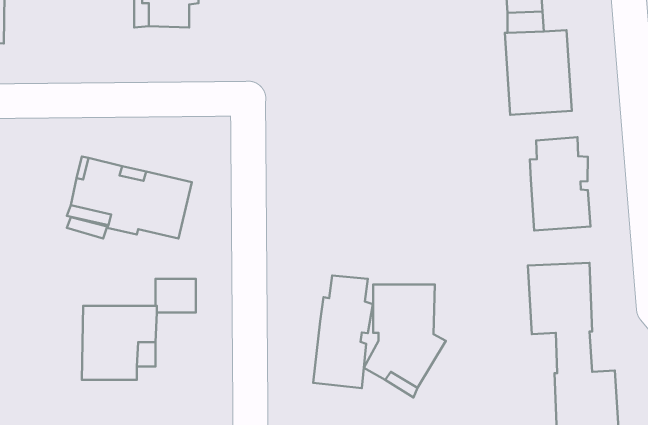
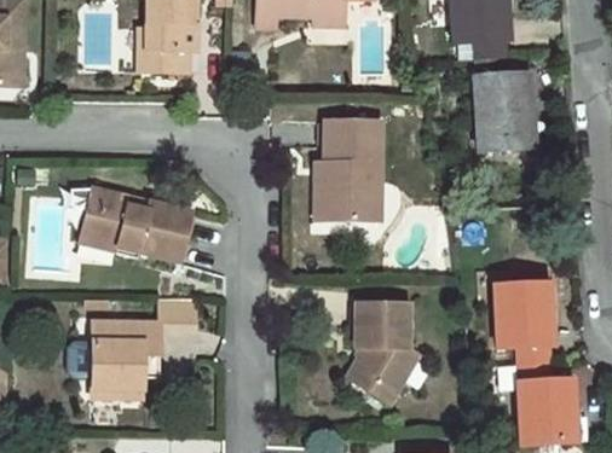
building: none -> [324,120,381,220]
building: [530,137,591,230] -> none
building: [313,275,373,388] -> none

